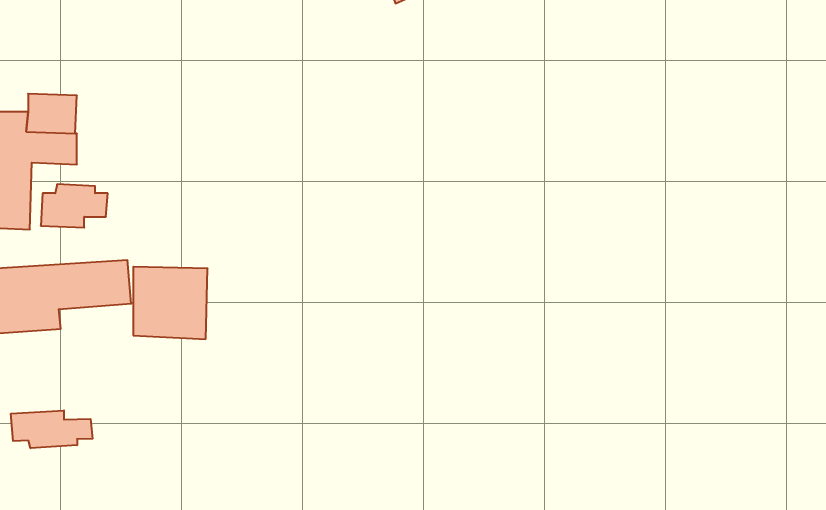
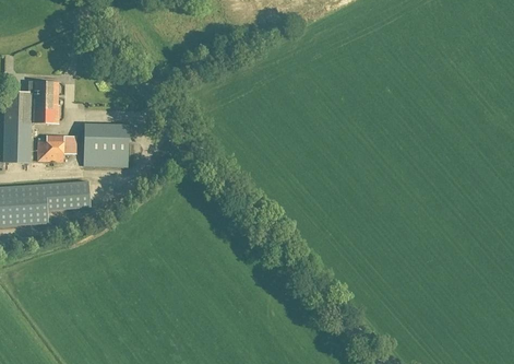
building: [133,267,208,339] -> [83,124,128,167]
building: [11,410,93,448] -> none

